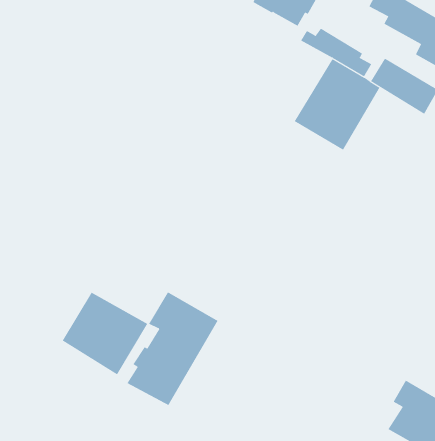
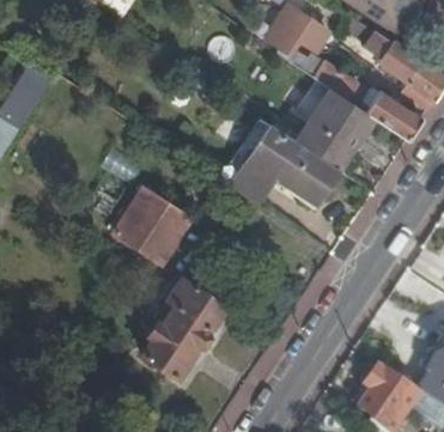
building: none -> [230,124,336,201]
building: [62,292,148,375] -> [112,190,187,262]

